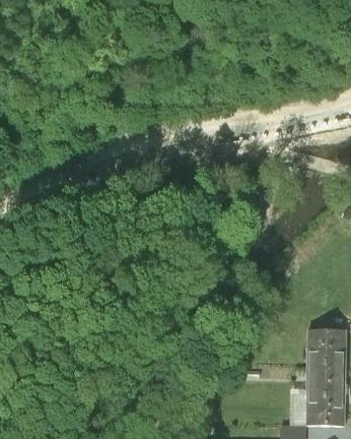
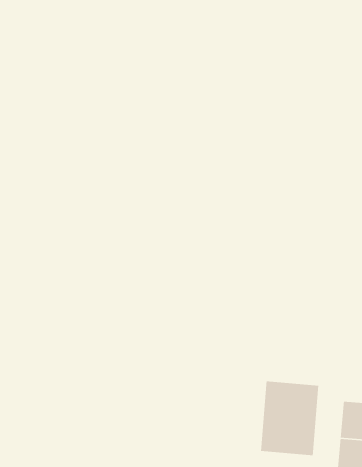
building: none -> [260,380,319,456]

